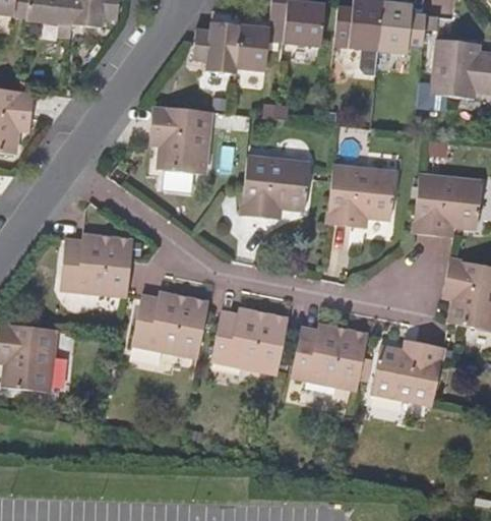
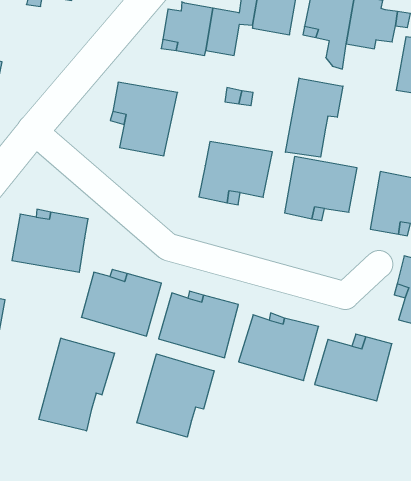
building: none -> [285,78,343,157]
building: none -> [39,338,115,431]
building: none -> [137,354,214,437]

